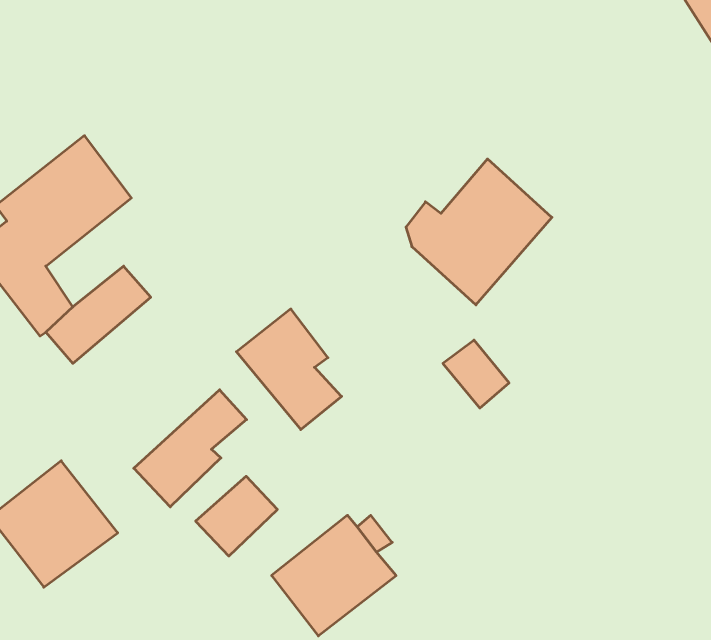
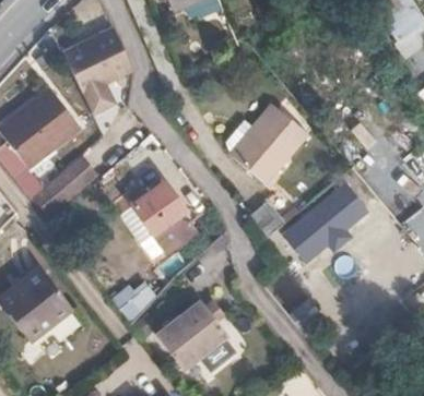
building: none -> [62,20,131,112]
building: none -> [285,184,370,262]
building: [134,390,247,507] -> none

